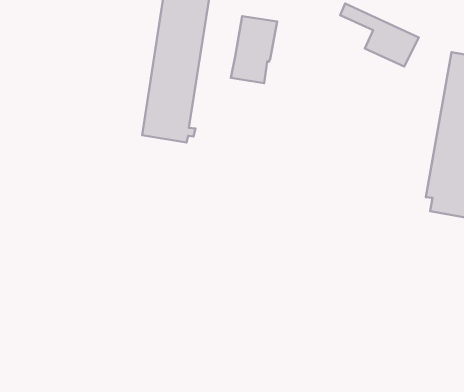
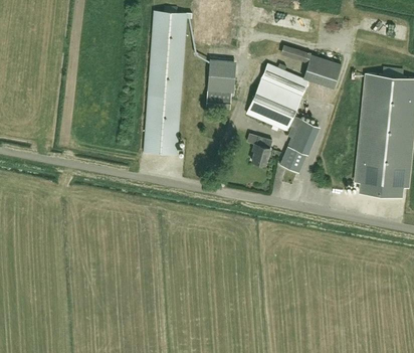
building: none -> [246,64,318,179]
building: none -> [251,137,271,166]

